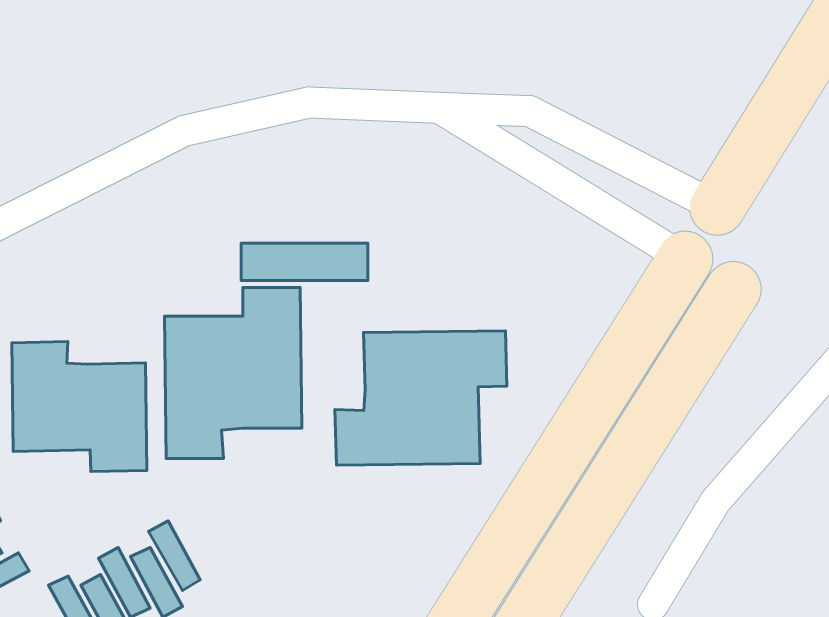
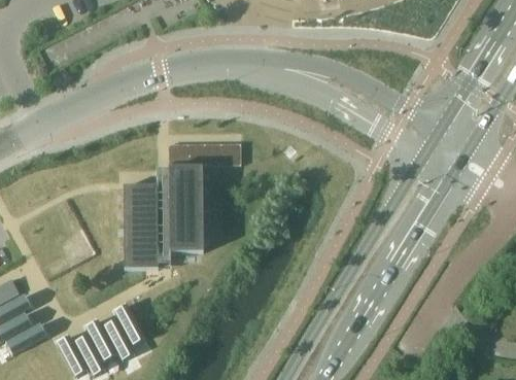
building: [335,331,507,465] -> none
building: [12,341,147,472] -> none

